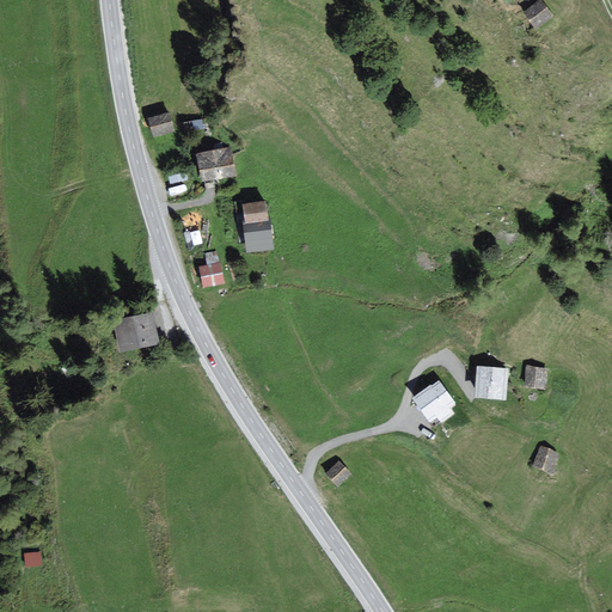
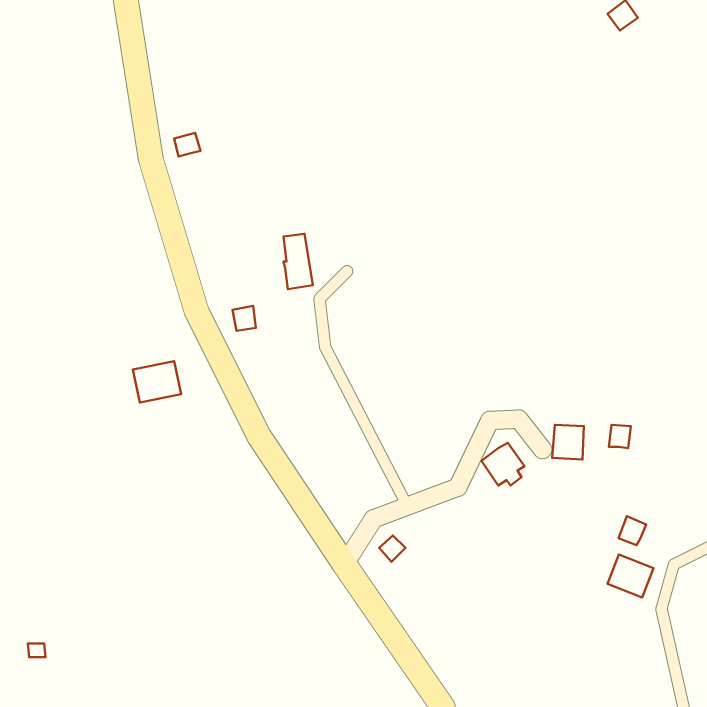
building: [197,148,234,180] -> none
building: none -> [607,555,654,597]

